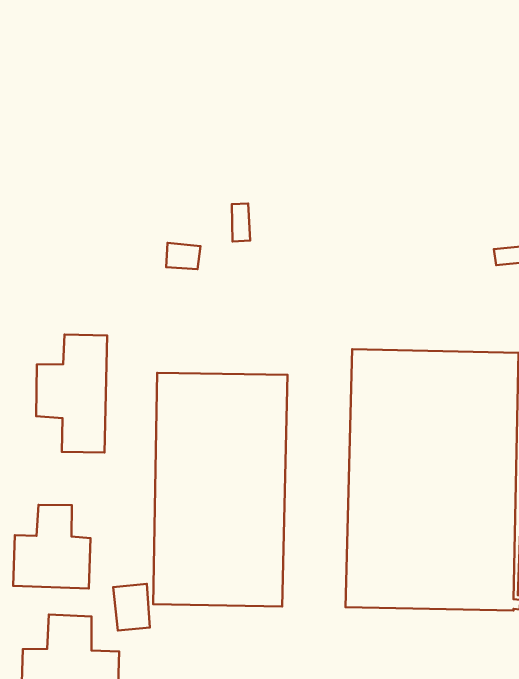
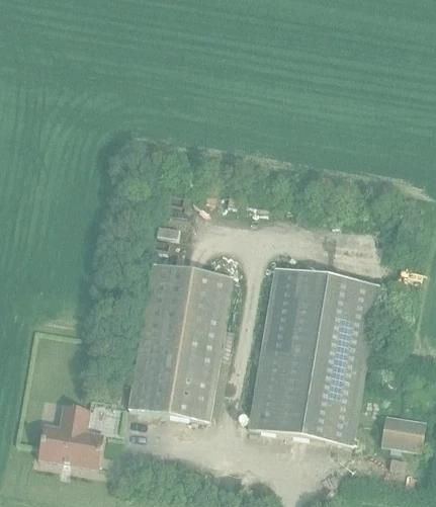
building: [36,335,107,453] -> none
building: [13,505,90,589] -> none

